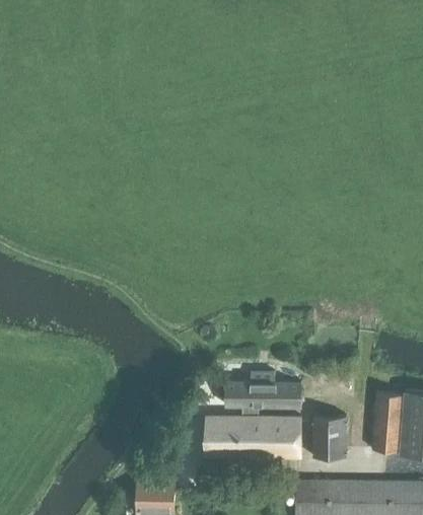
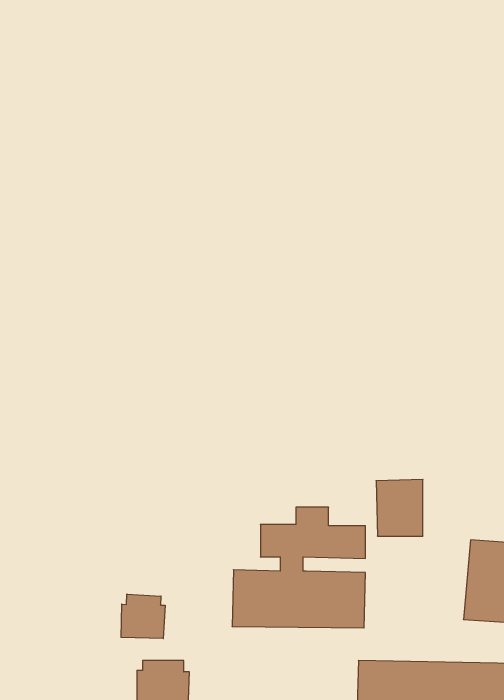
building: [312,417,346,457] -> [376,479,423,536]
building: none -> [121,594,165,639]

